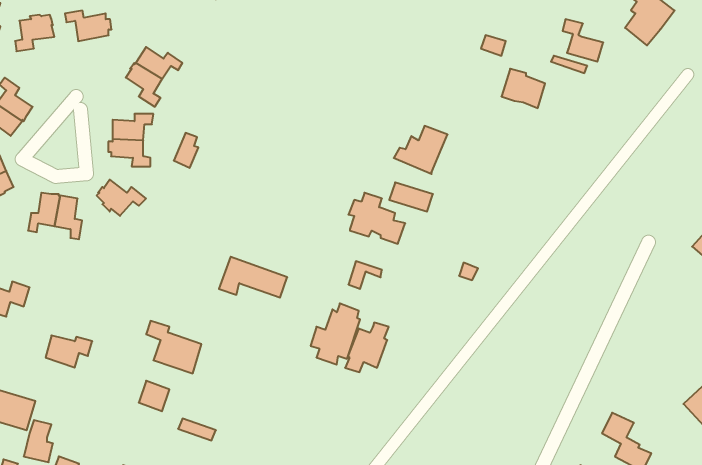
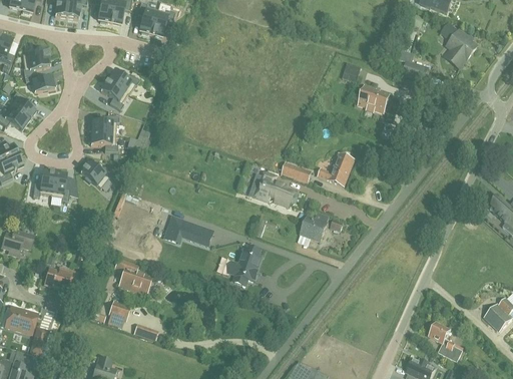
building: [65,11,112,41] -> [24,70,56,91]
building: [394,126,448,174] -> [317,152,354,185]
building: [345,323,389,372] -> [297,210,327,244]

